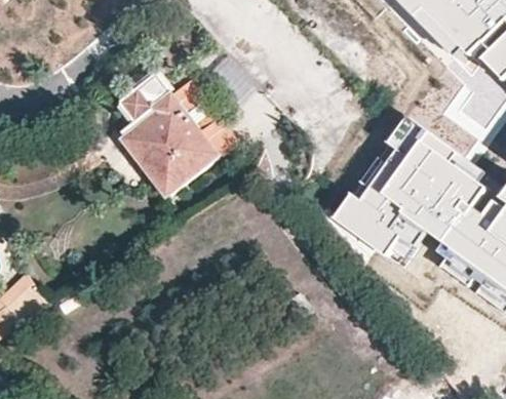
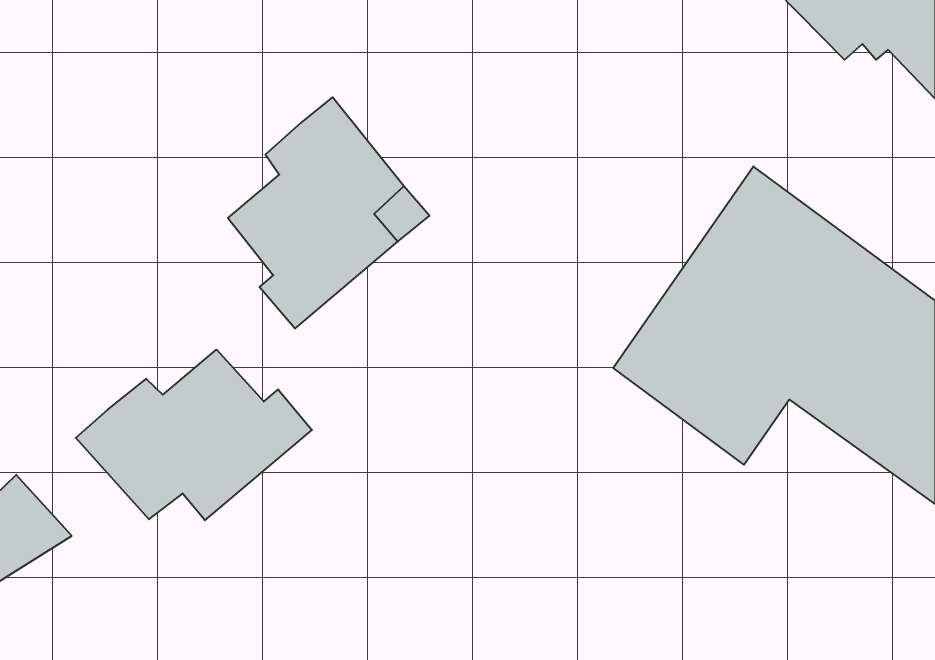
building: [119,73,170,176] -> none
building: none -> [76,350,312,520]

